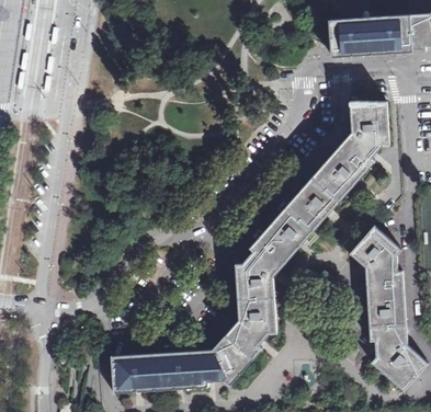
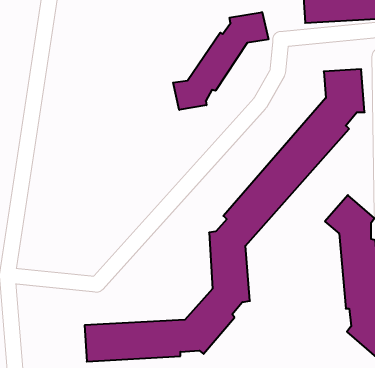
building: none -> [173,12,268,110]

